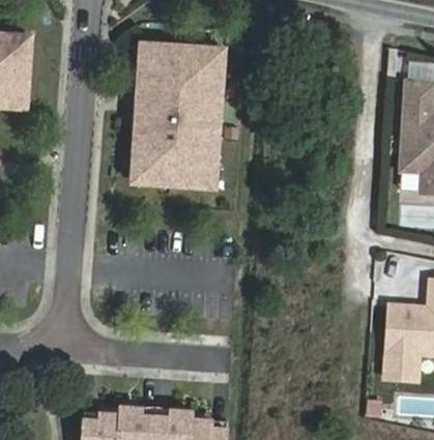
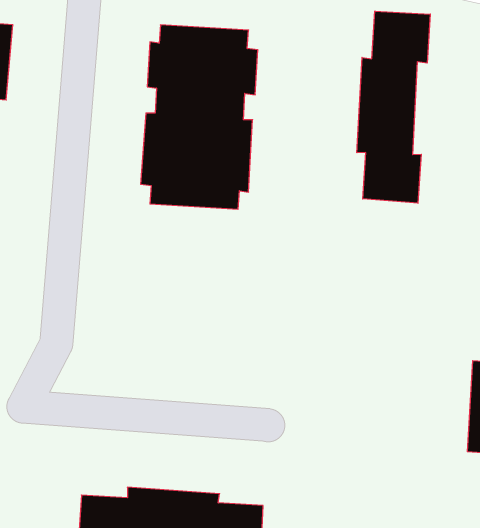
building: none -> [357,11,430,203]

